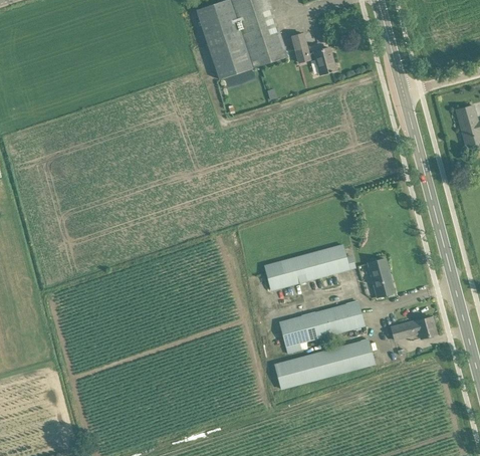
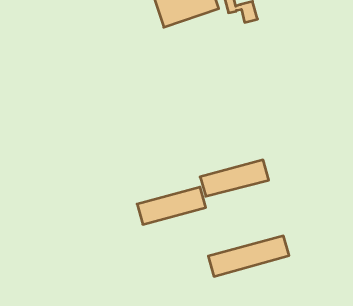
building: [369,258,394,296] -> none
building: [279,300,365,347] -> [137,187,206,224]
building: [391,316,436,339] -> none

